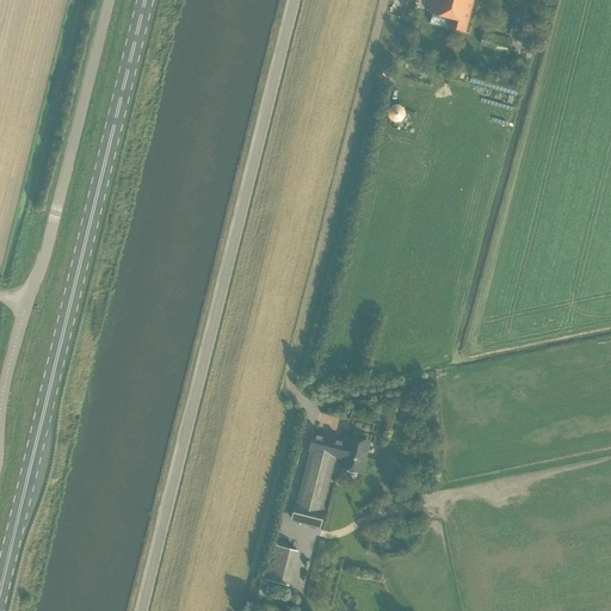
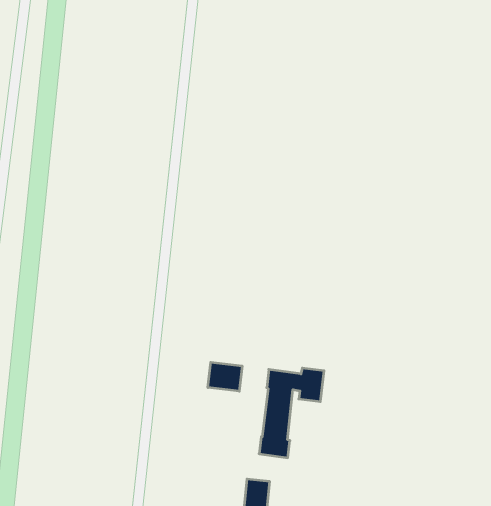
building: none -> [208,362,242,391]

